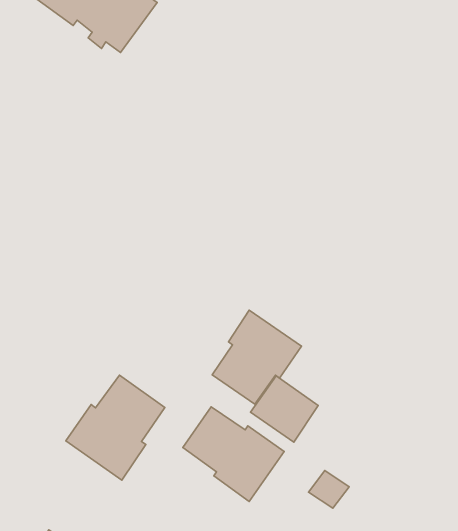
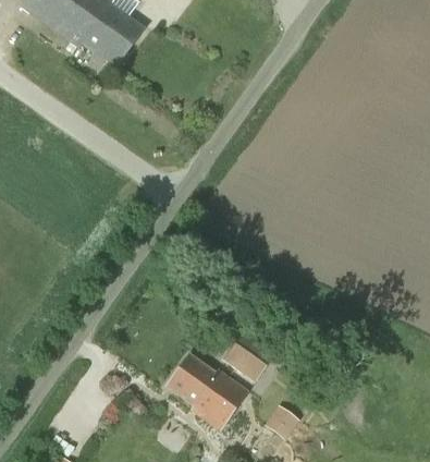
building: [212,310,302,404] -> none
building: [66,375,165,480] -> none

